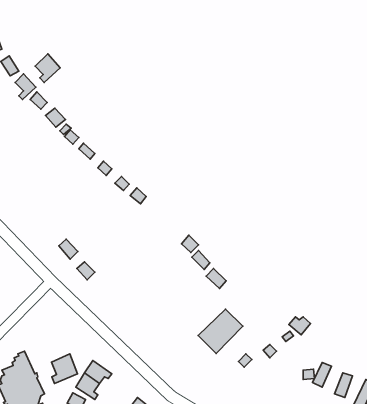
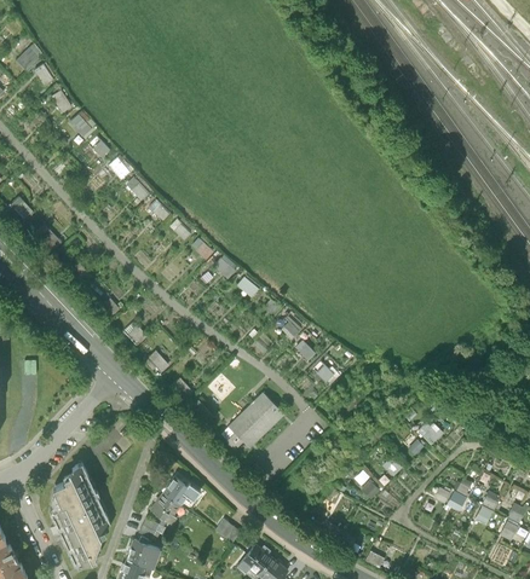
building: [35,54,60,83] -> none
building: [198,309,243,354] -> [225,394,282,451]
building: [51,354,77,383] -> none

